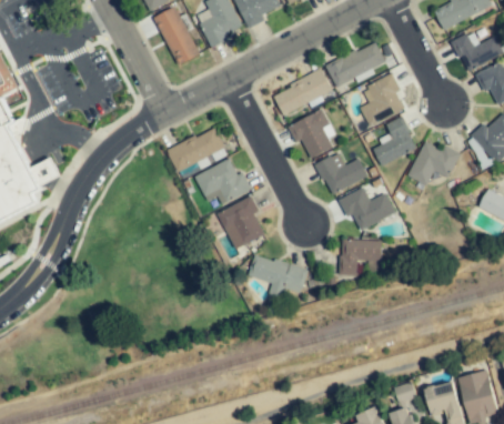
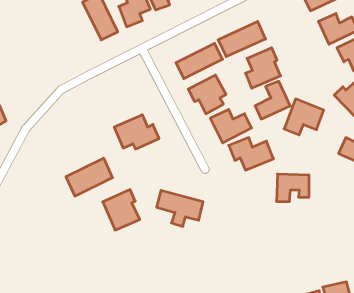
building: [167,128,225,175] -> [66,158,113,196]
building: [218,198,264,249] -> [103,190,140,230]
building: [340,240,381,274] -> [276,174,309,201]

